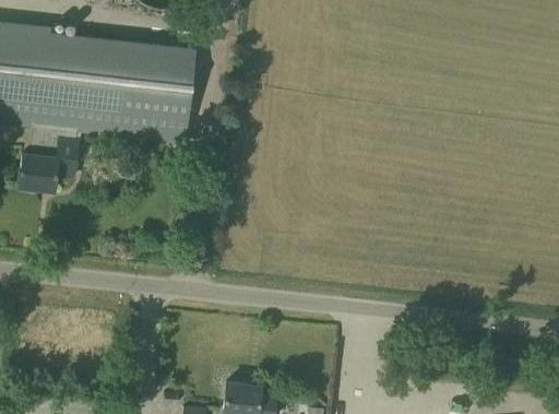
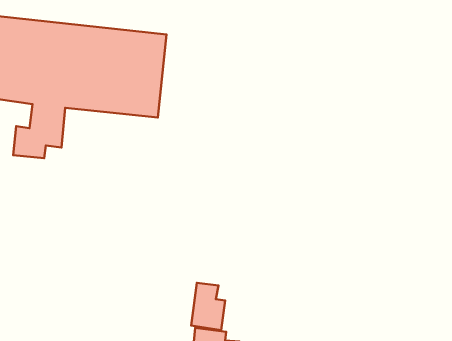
building: none -> [191,283,225,330]

